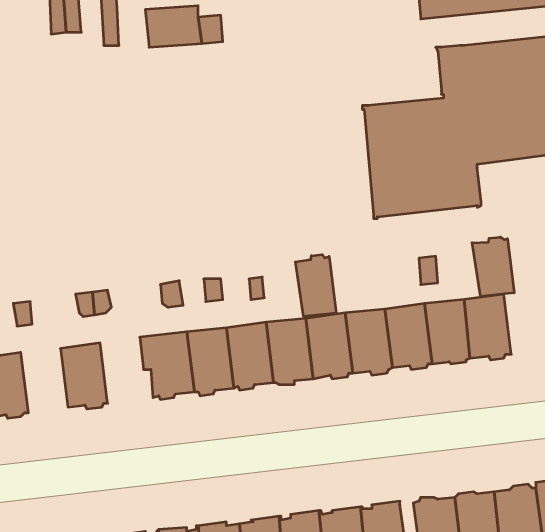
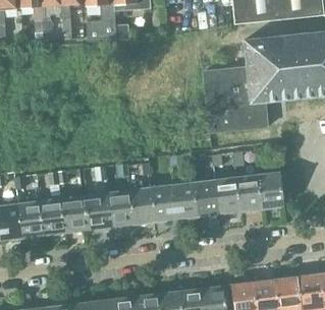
building: [472,237,514,296] -> none
building: [295,255,336,316] -> none
building: none -> [61,196,90,232]
building: none -> [18,202,44,237]

